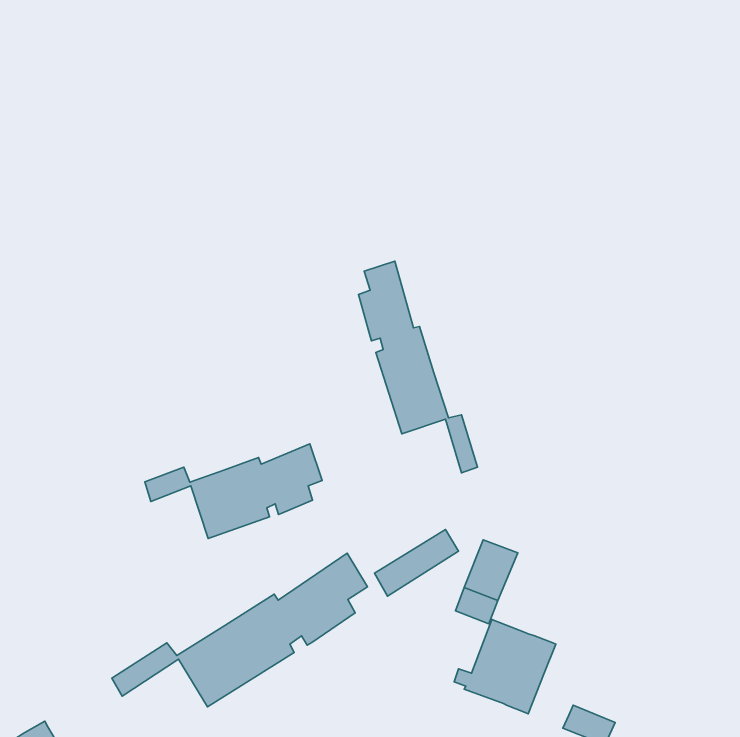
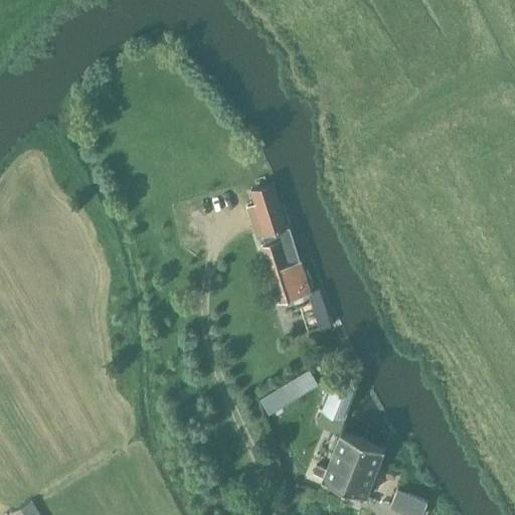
building: [145,444,322,538] -> none
building: [112,553,368,707] -> none

